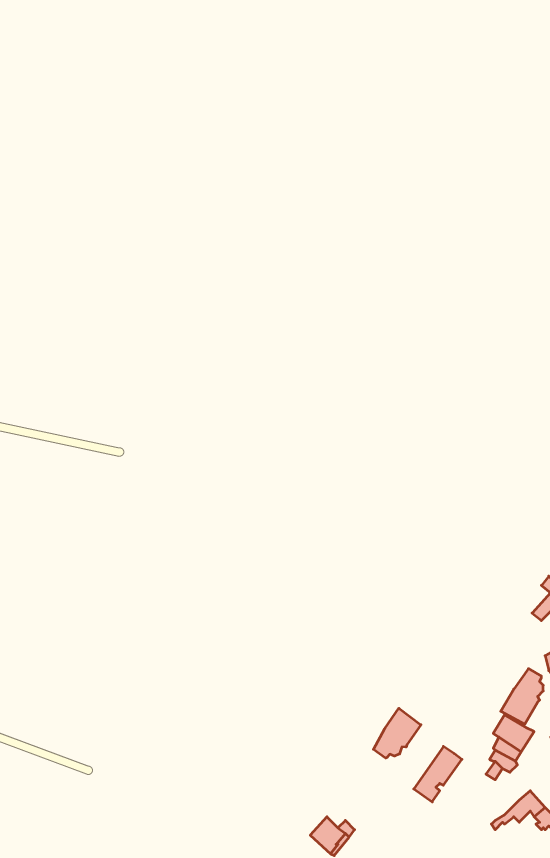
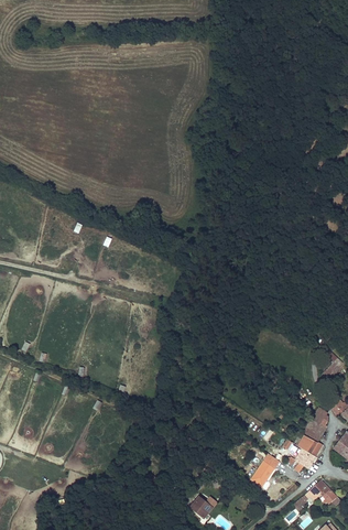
building: [373,708,421,758] -> none

